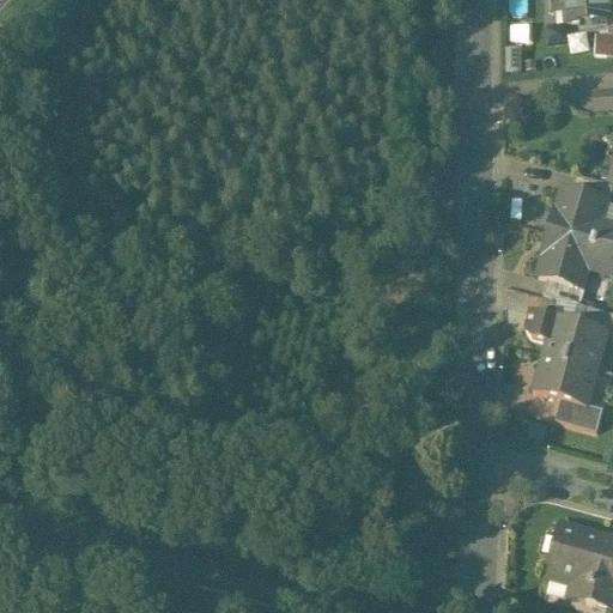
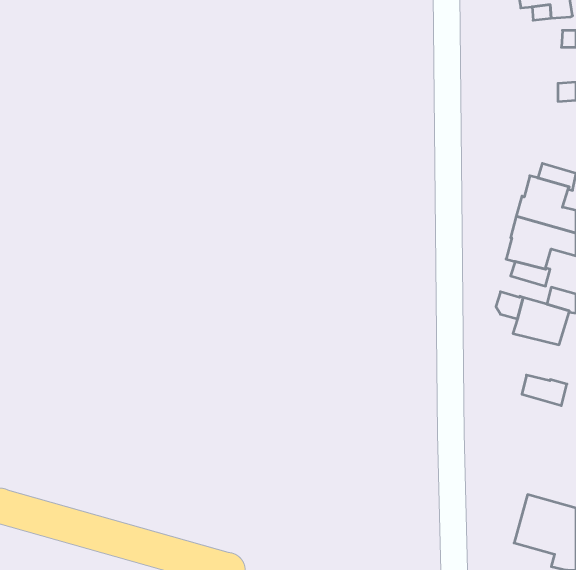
building: [535,354,594,405] -> none

